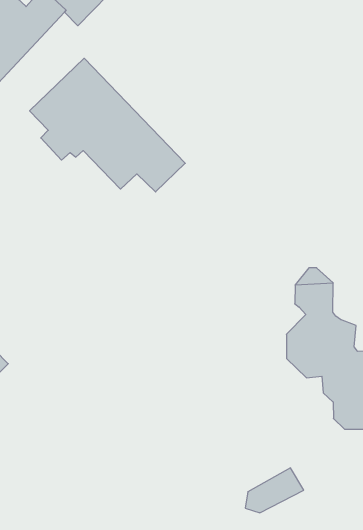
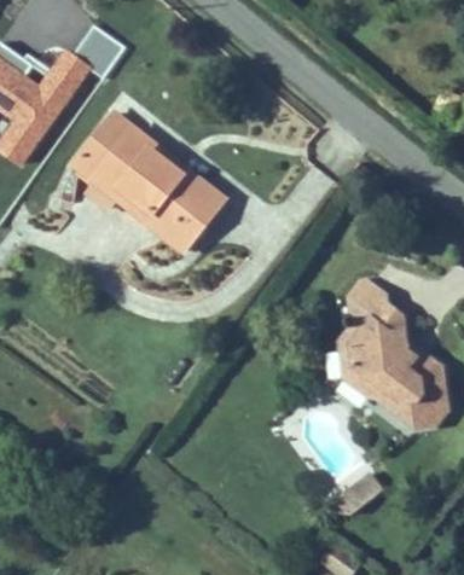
building: none -> [120,198,201,254]
building: none -> [335,316,402,418]

